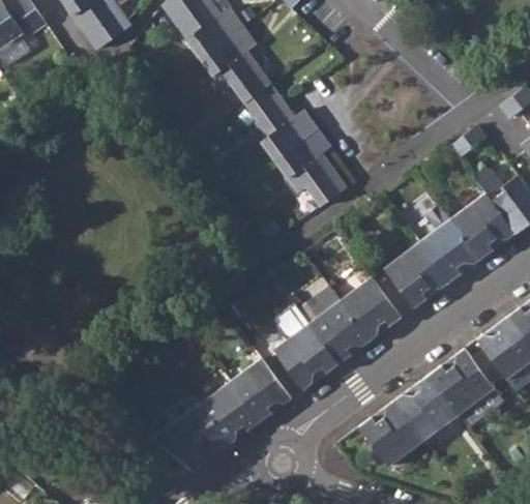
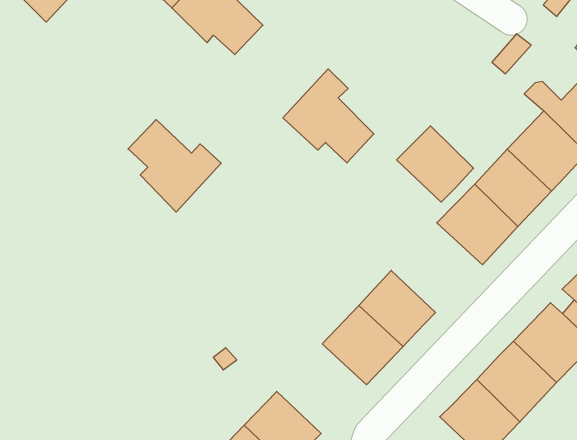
building: [244,83,318,160] -> [128,120,221,212]
building: [341,276,402,339] -> [397,126,474,202]
building: [231,357,292,421] -> none

